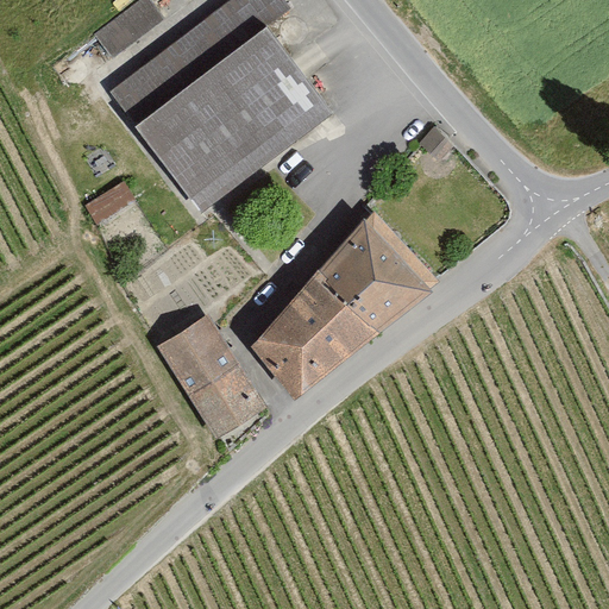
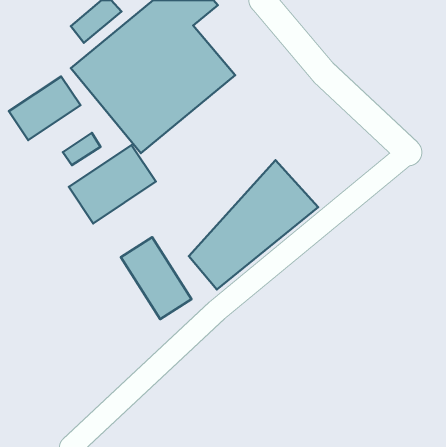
building: none -> [9,76,80,140]
building: none -> [69,145,156,223]

